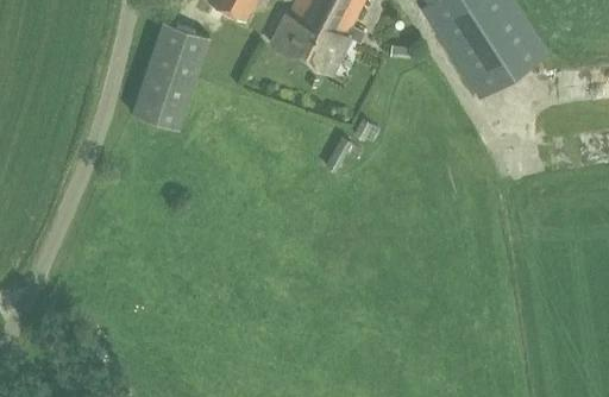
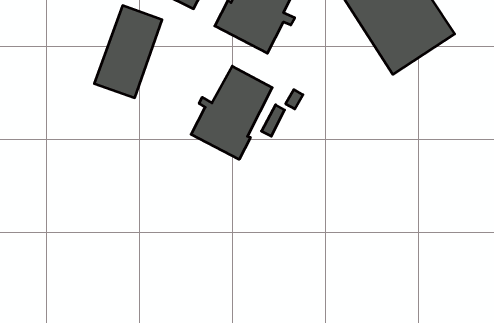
building: none -> [191,66,272,159]

